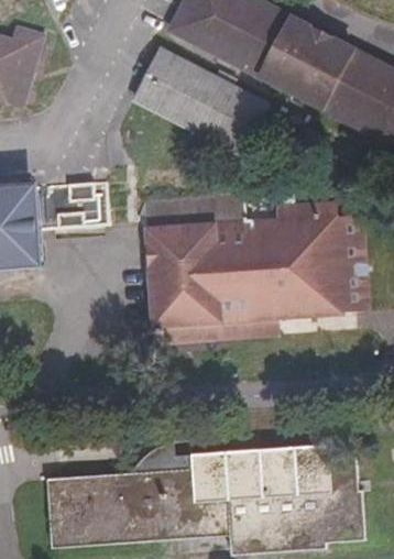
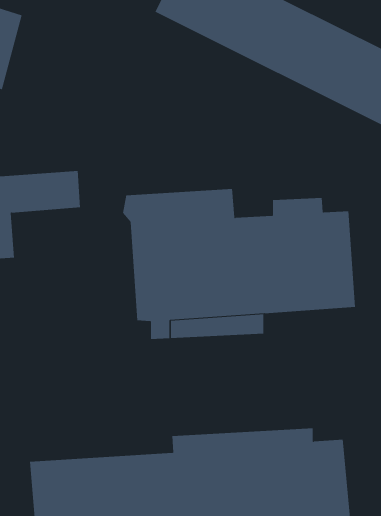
building: [136,51,267,153] -> none

